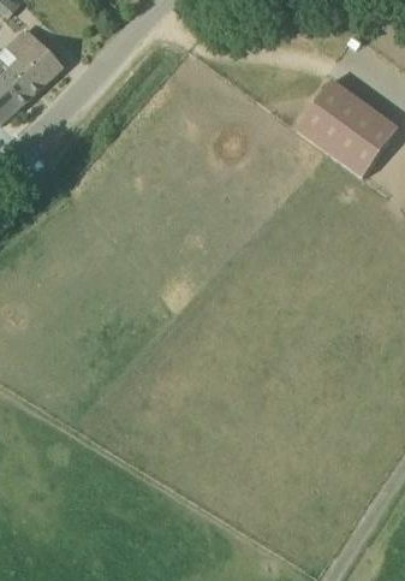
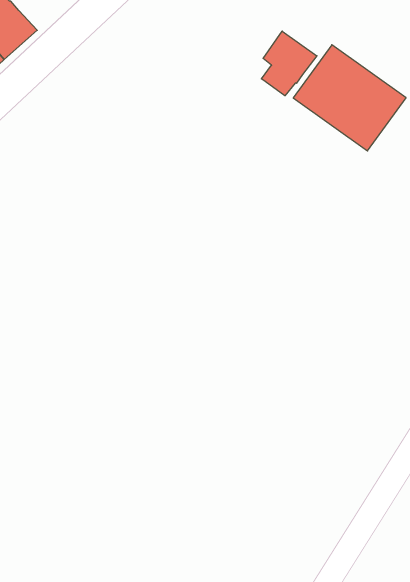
building: none -> [261,31,317,96]

